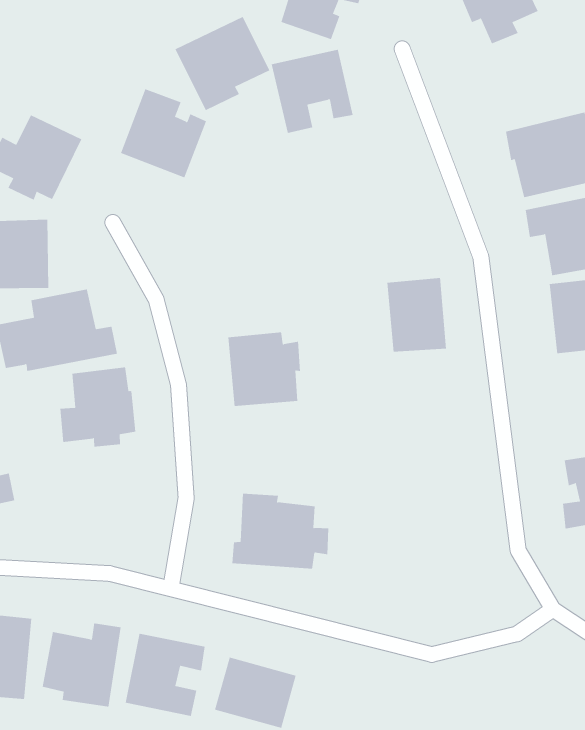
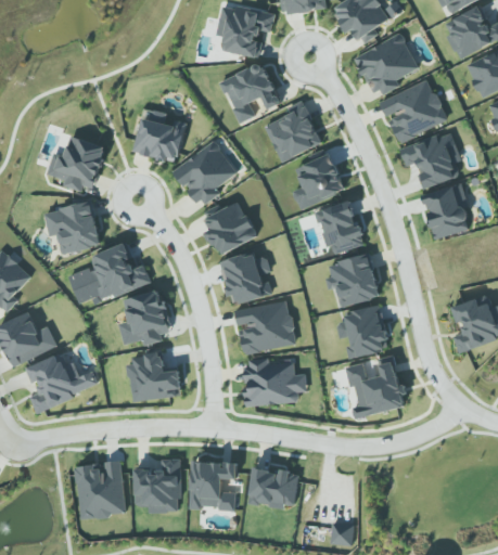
building: [175,16,270,111] -> [173,141,237,206]
building: none -> [354,34,418,96]
building: none -> [265,100,322,162]
building: none -> [293,154,346,208]
building: none -> [203,201,257,256]
building: none -> [325,254,380,307]
building: none -> [234,300,296,353]
building: none -> [336,305,386,358]
building: none -> [127,354,182,401]
building: none -> [345,362,407,418]

